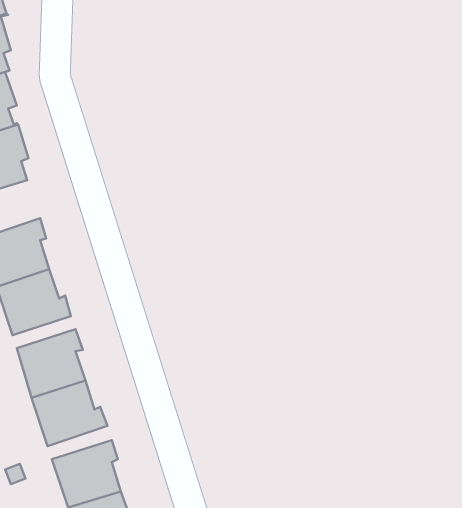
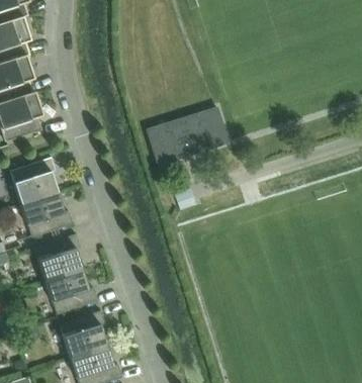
building: none -> [147,107,229,165]

